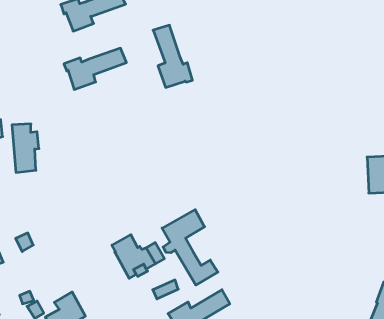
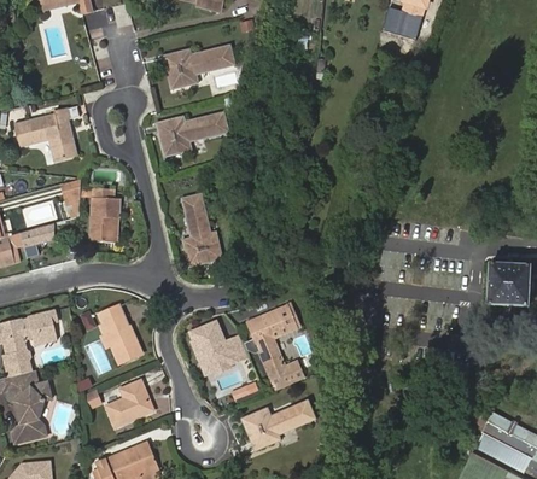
building: [153,25,192,87] -> [181,193,220,263]
building: none -> [103,305,141,362]

